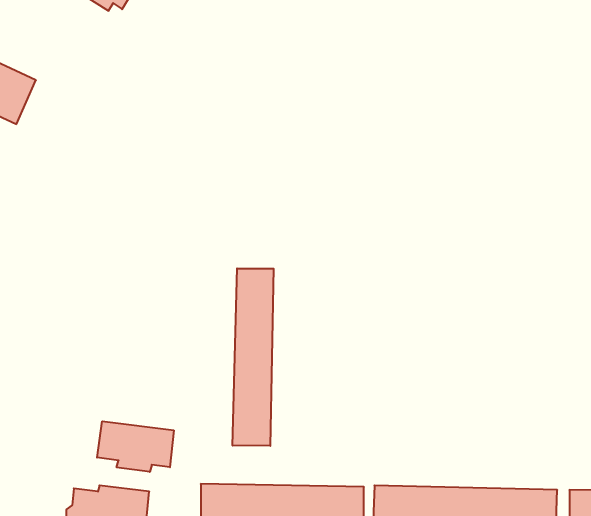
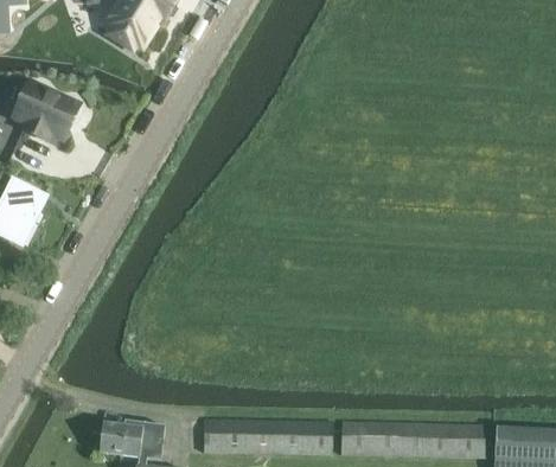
building: [233,268,274,446] -> none
building: [97,421,174,472] -> none

